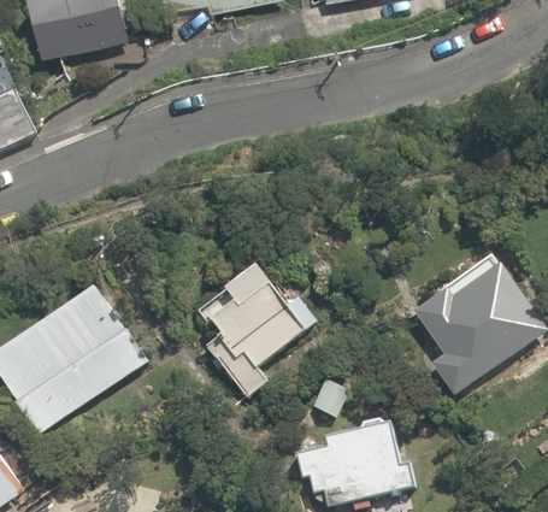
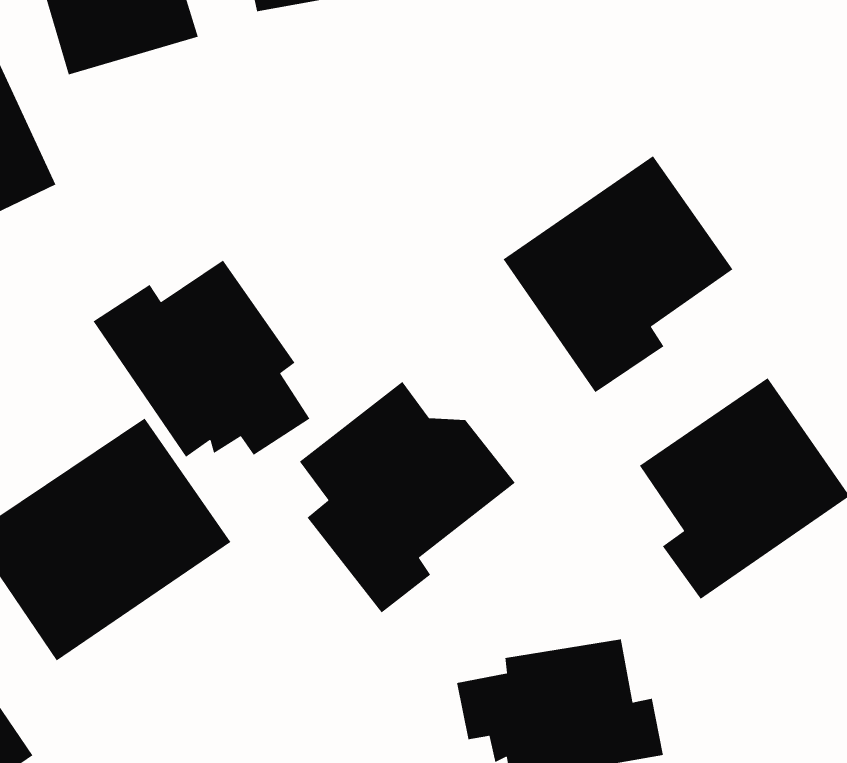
building: none -> [503,155,733,393]
building: none -> [93,260,311,458]

